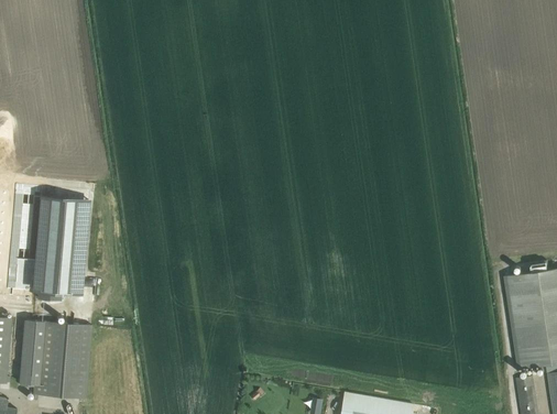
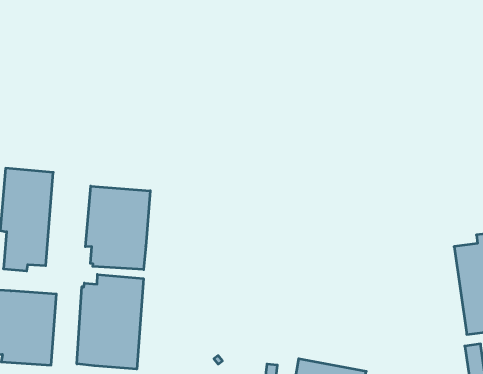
building: none -> [85,186,150,270]
building: none -> [77,274,143,369]

